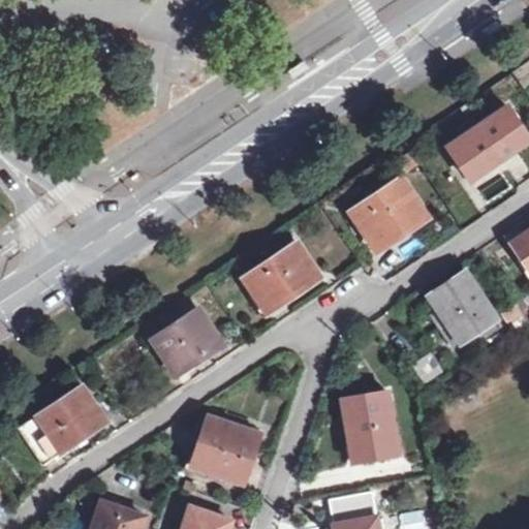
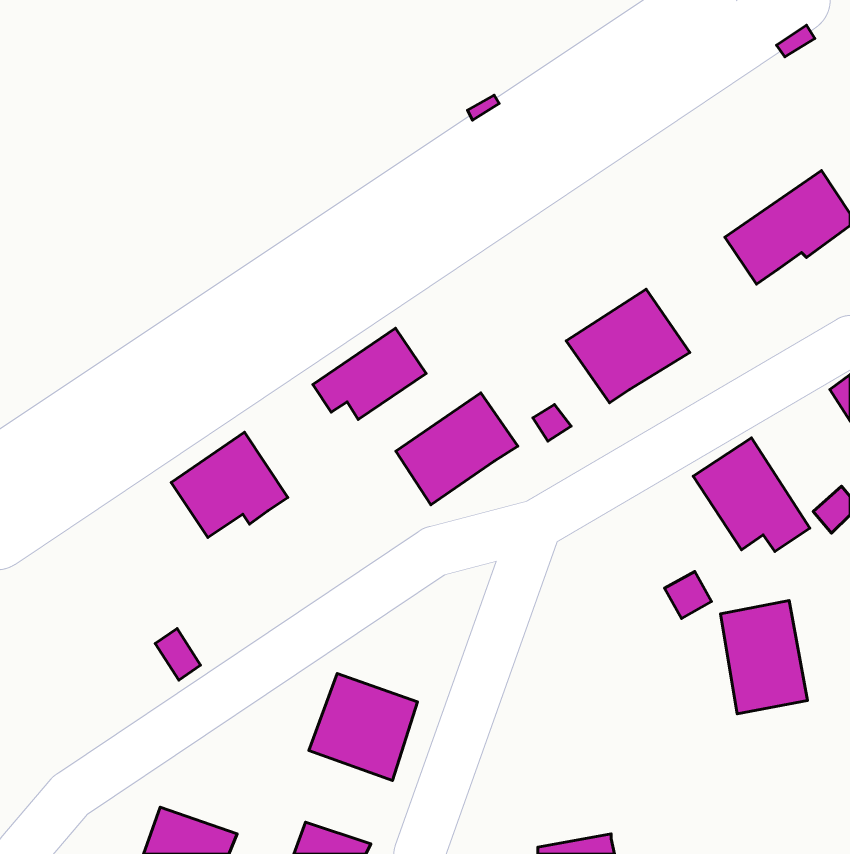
building: none -> [313,328,426,419]
building: [152,308,224,373] -> [171,432,288,538]
building: [19,385,106,465] -> none
building: [342,393,396,463] -> [721,600,807,714]

